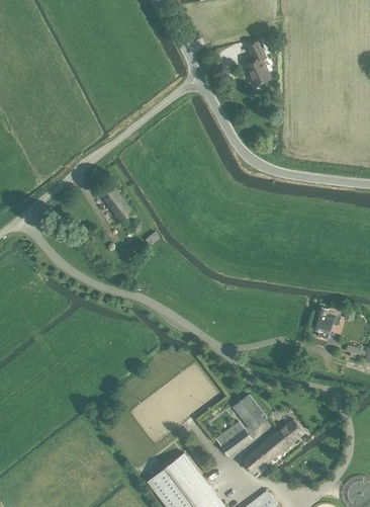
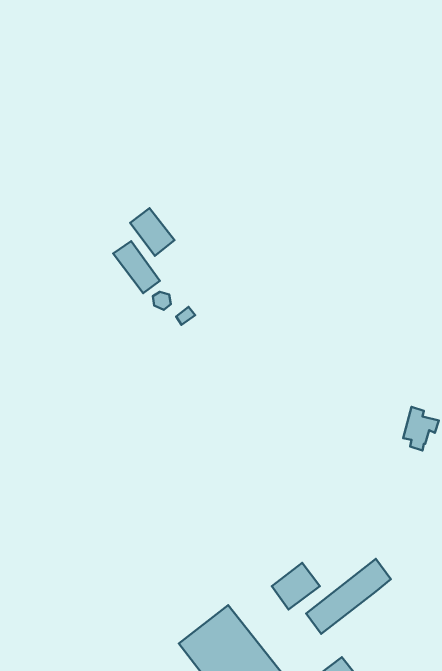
building: [244,41,270,86] -> none
building: none -> [130,208,175,256]
building: [233,395,268,431] -> none

